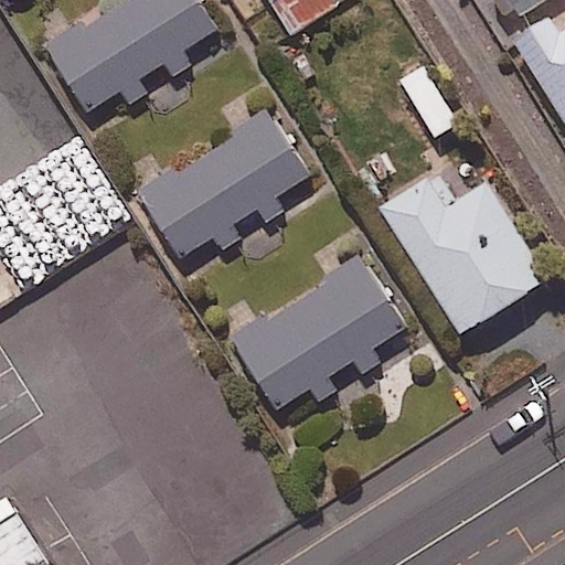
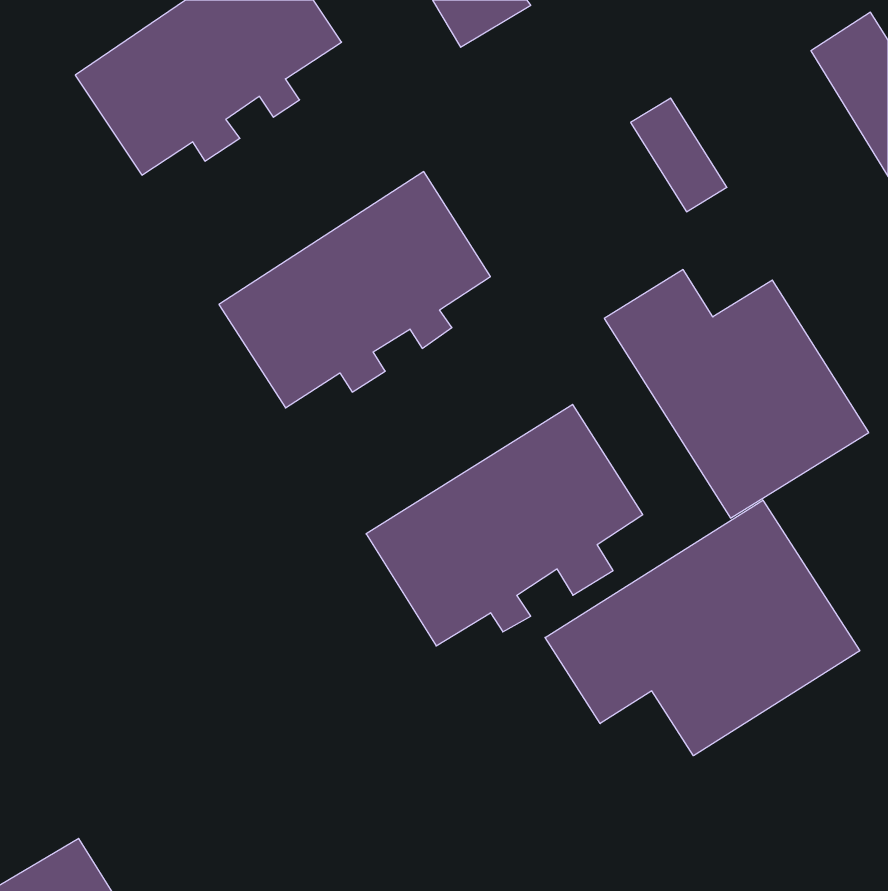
building: none -> [545,500,860,756]

